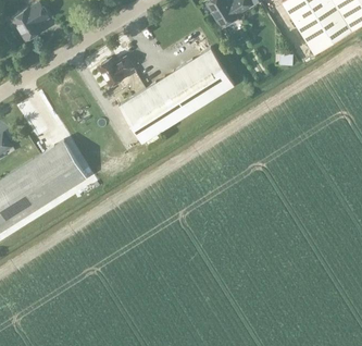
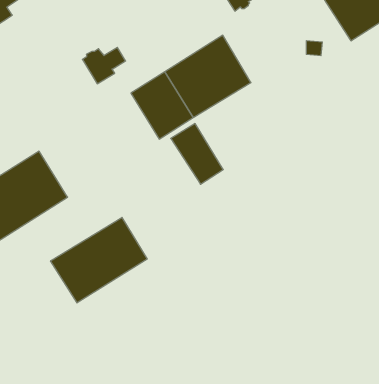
building: [117,95,160,144] -> [171,124,223,184]
building: none -> [51,217,147,303]

